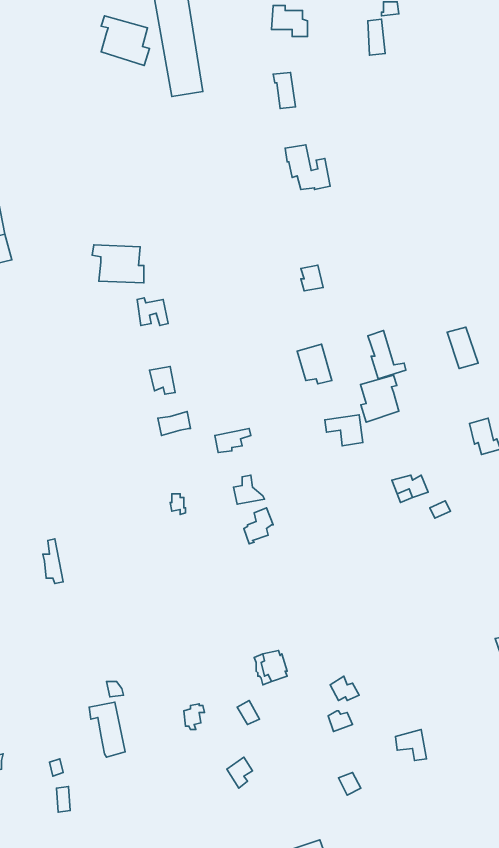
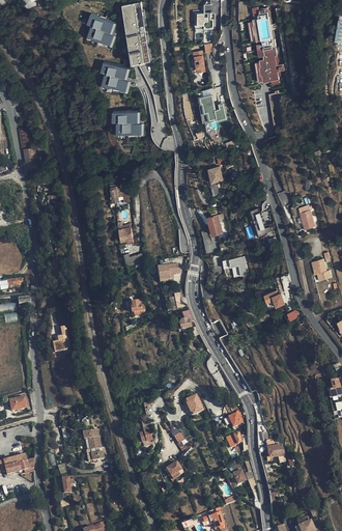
building: none -> [256,43,284,83]
building: none -> [105,62,133,91]
building: [92,245,144,283] -> [112,111,143,134]
building: [360,375,399,422] -> none

